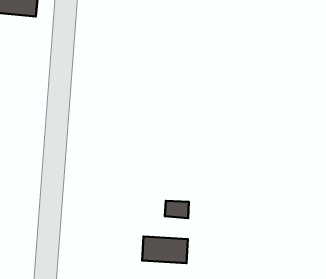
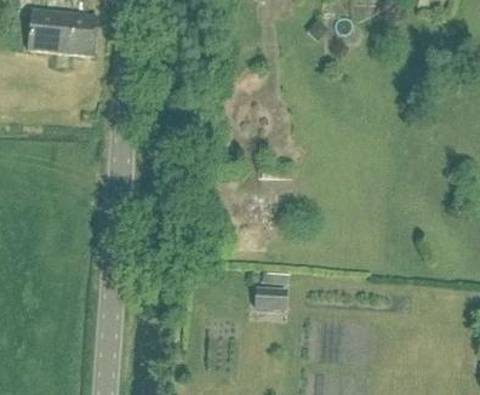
building: [142,236,188,263] -> none

